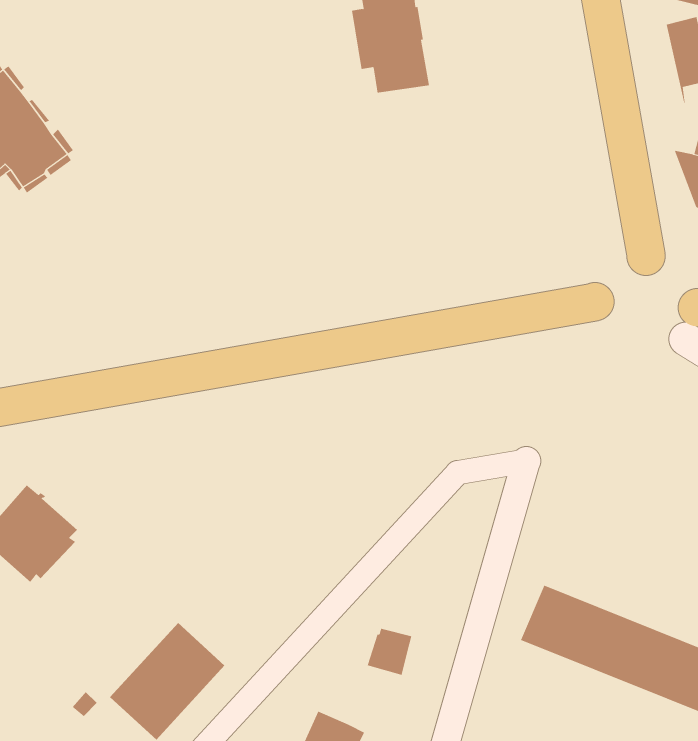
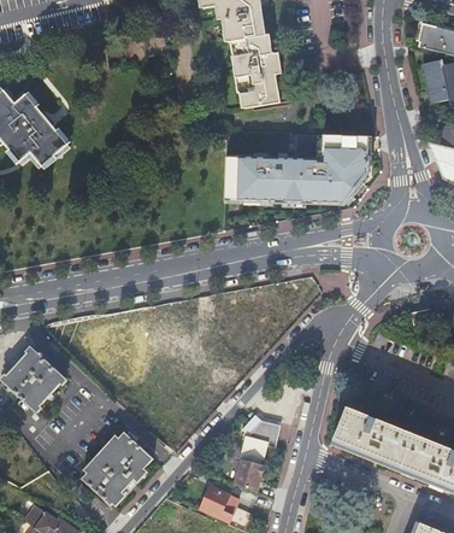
building: none -> [225,133,368,201]
building: none -> [242,412,279,446]
building: none -> [235,457,264,491]

